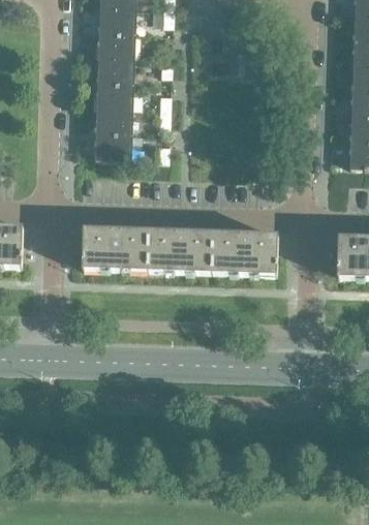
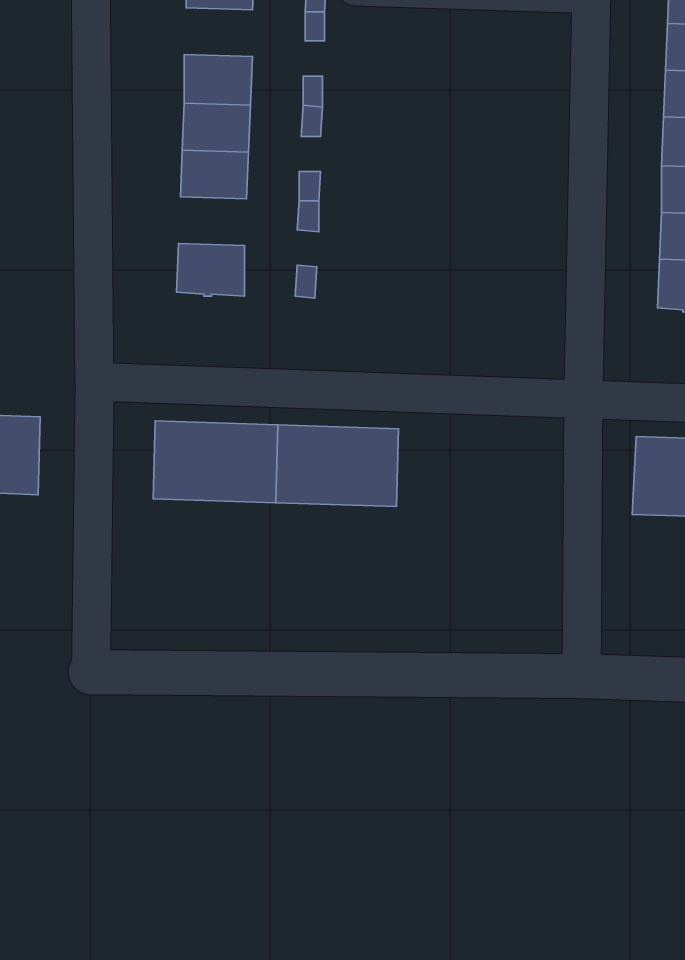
building: [99,6,135,32] -> none
building: [96,106,132,132] -> none
building: [212,229,278,273] -> none

